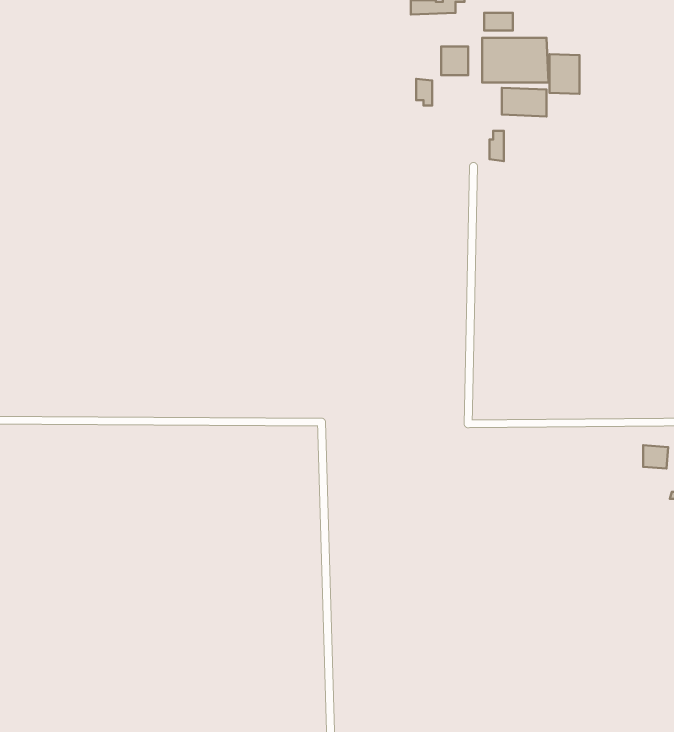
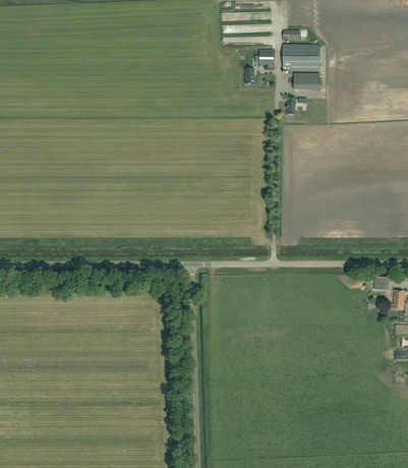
building: [549,54,579,94] -> none

